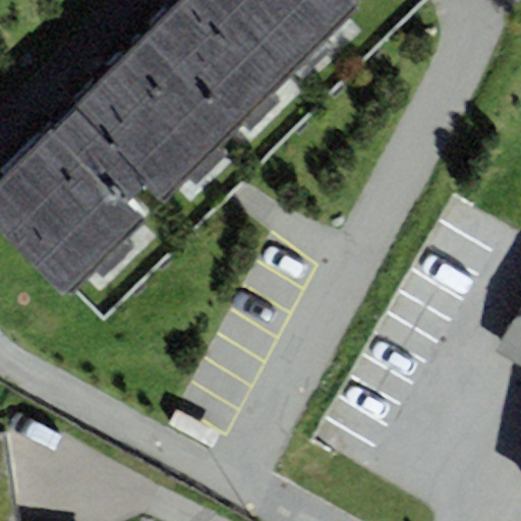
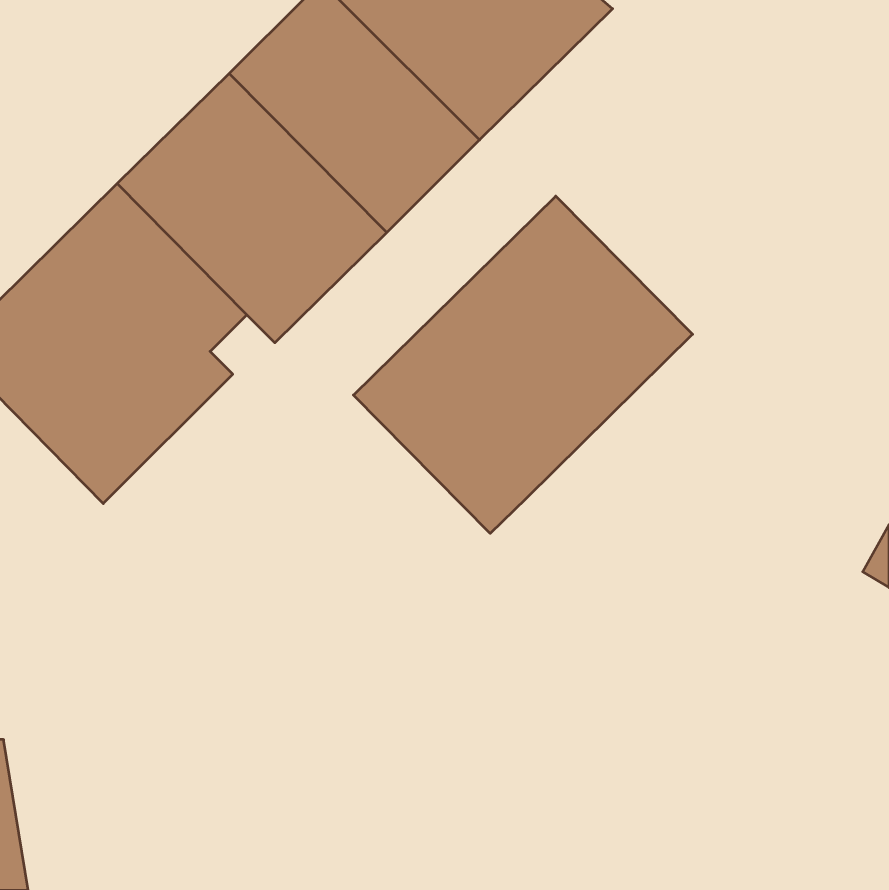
building: none -> [353,196,693,533]

